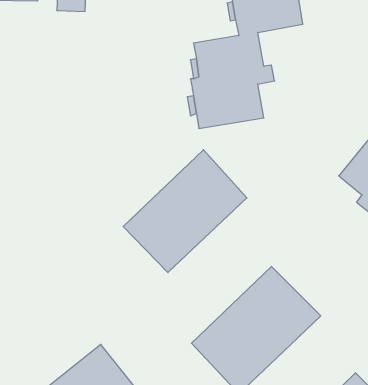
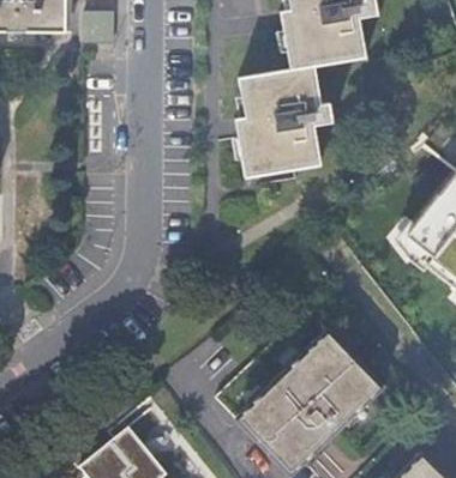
building: [123,150,247,273] -> none

